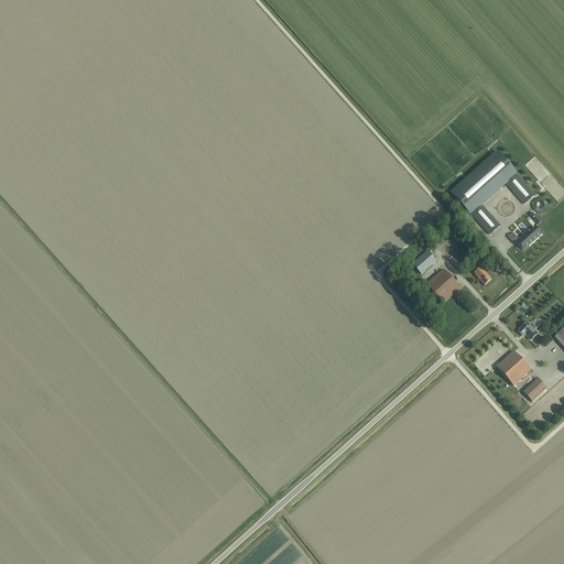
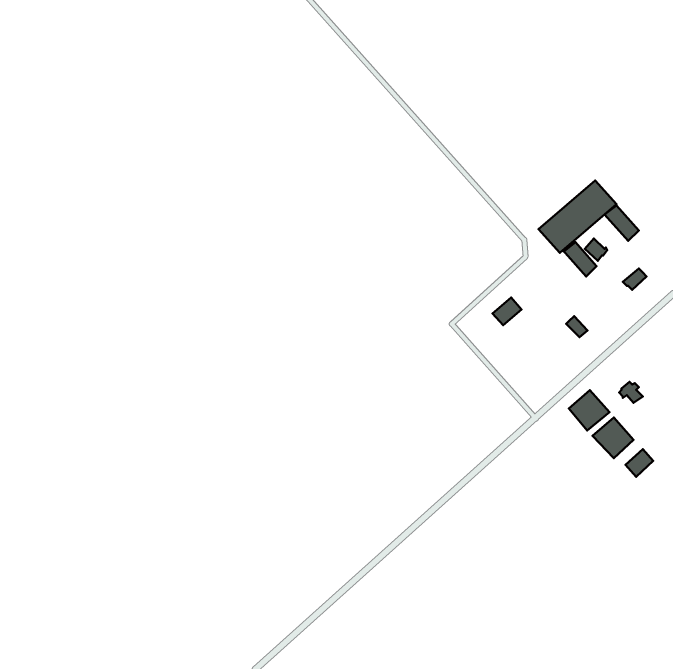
building: [426,267,460,301] -> none
building: none -> [569,390,610,431]

